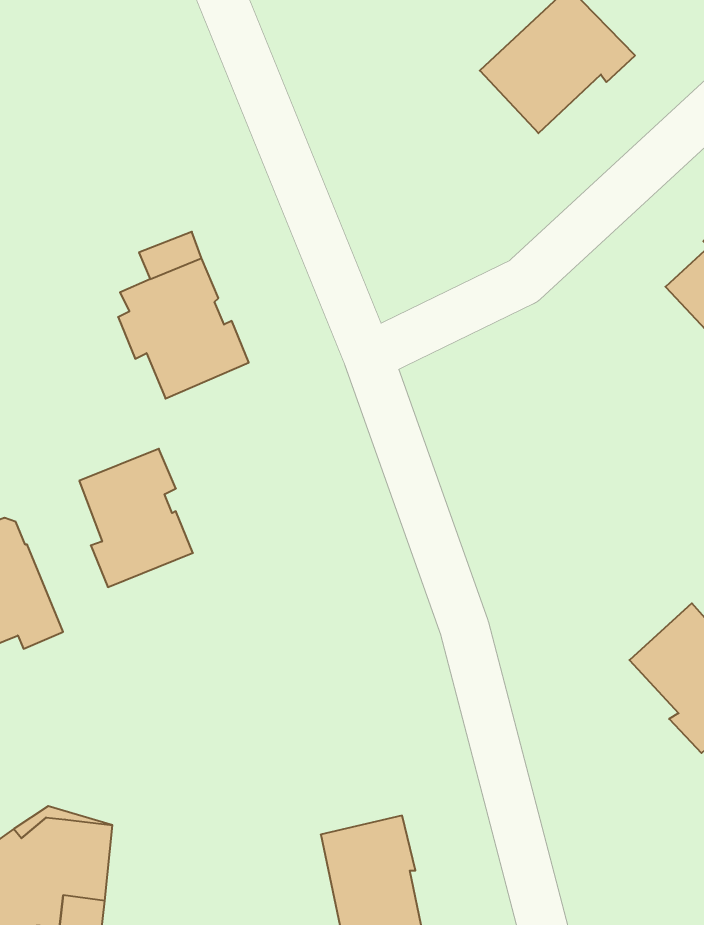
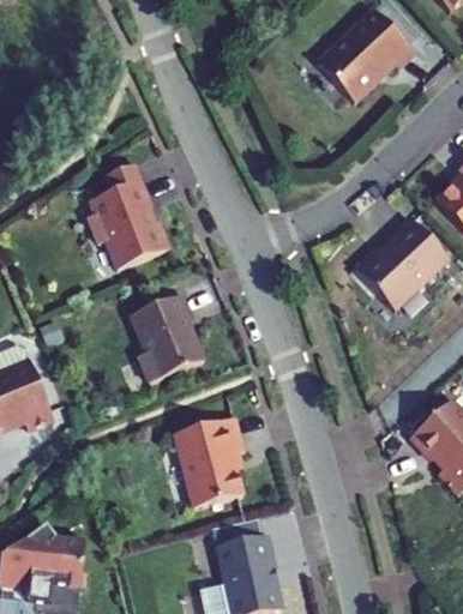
building: none -> [354,221,447,308]
building: [79,449,193,587] -> [132,294,204,381]
building: none -> [175,417,243,507]

